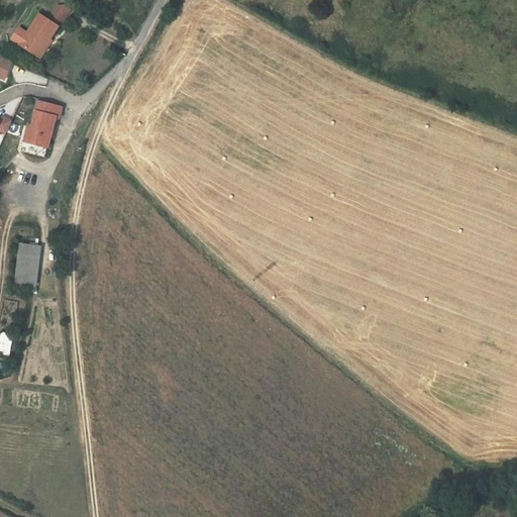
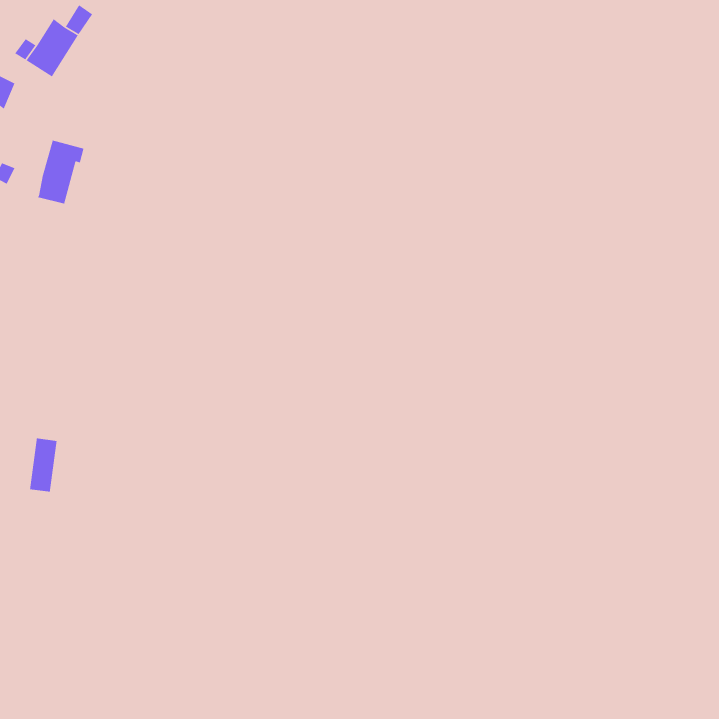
building: [14,245,34,285] -> [29,438,57,493]

